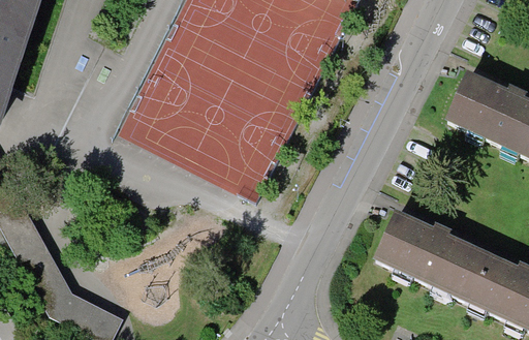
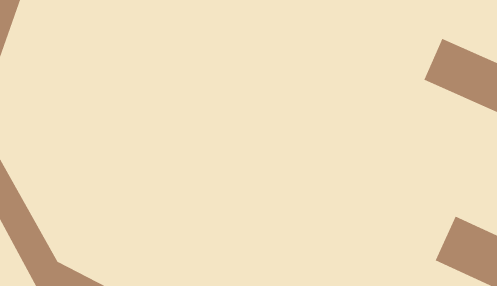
building: [365,207,474,292] -> none

